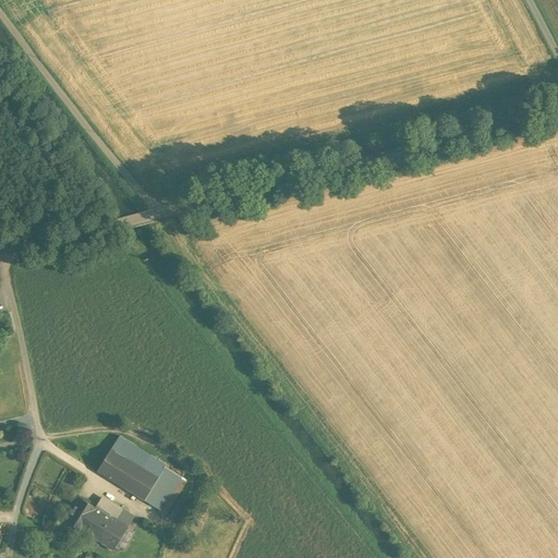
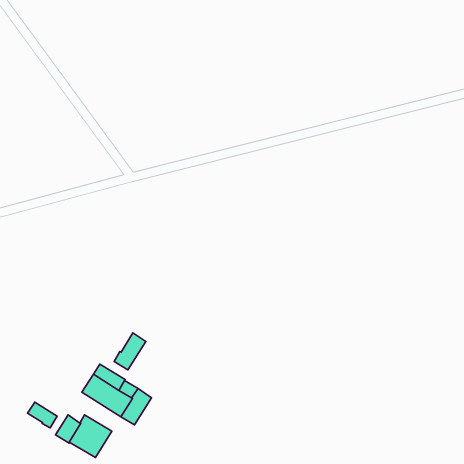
building: none -> [114,333,146,370]
building: none -> [28,402,57,428]

